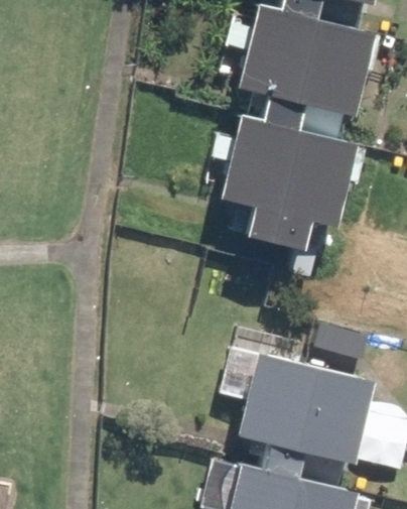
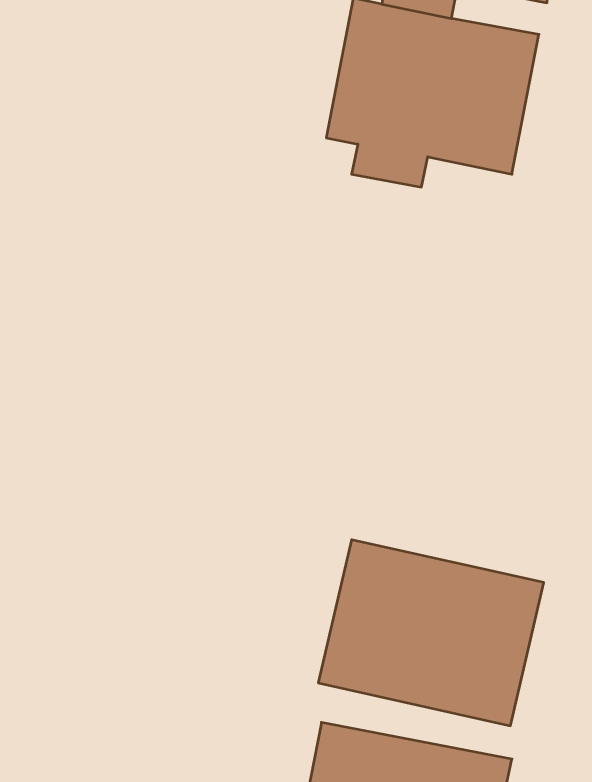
building: [212,115,349,250] -> none

